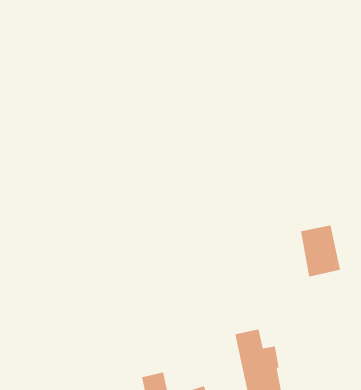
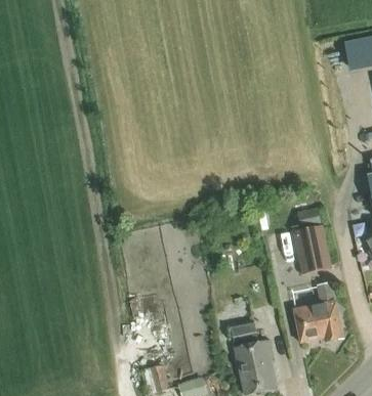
building: none -> [293,281,343,343]

